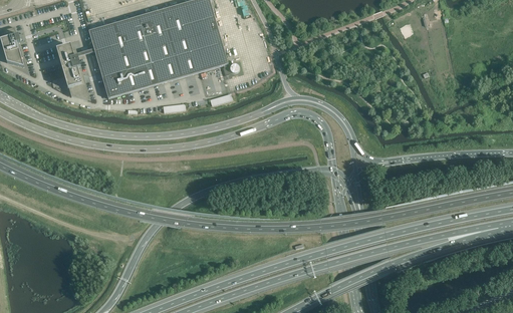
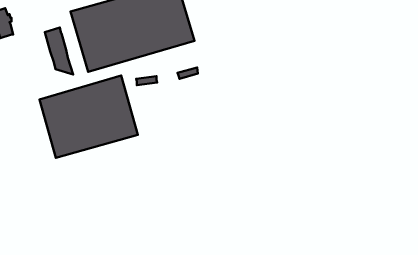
building: none -> [40,75,138,158]

